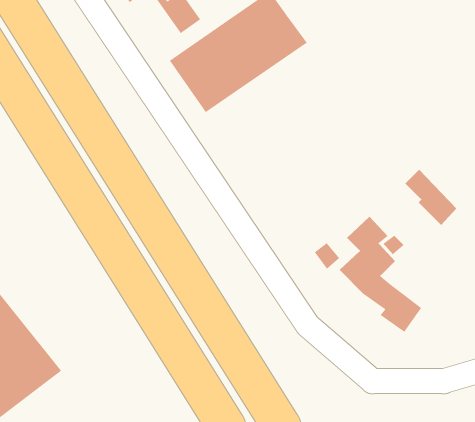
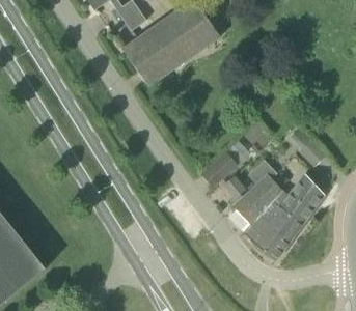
building: none -> [200,151,237,187]
building: none -> [272,173,323,224]
building: none -> [228,197,289,259]

